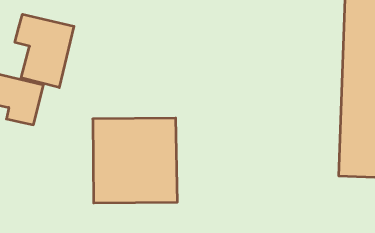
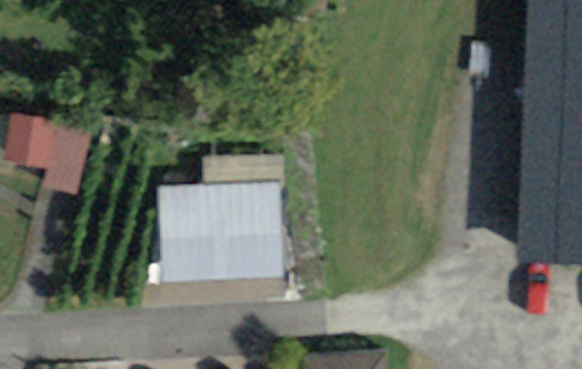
building: [15,14,74,88] -> none

